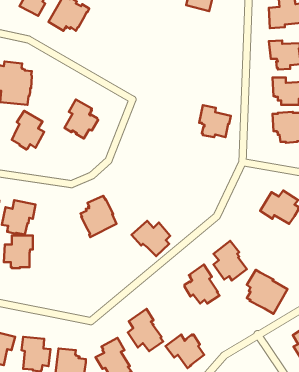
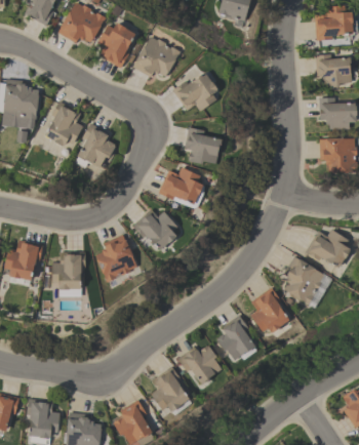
building: none -> [97,22,136,69]
building: none -> [133,36,181,77]
building: none -> [172,73,217,112]
building: [199,105,231,137] -> [185,127,222,164]
building: [12,111,44,150] -> [45,102,83,147]
building: none -> [159,167,203,205]
building: [131,221,170,256] -> [132,209,177,250]
building: [4,236,33,268] -> [51,252,85,290]
building: [247,270,287,314] -> [284,256,331,308]
building: [165,335,204,368] -> [176,346,222,385]

